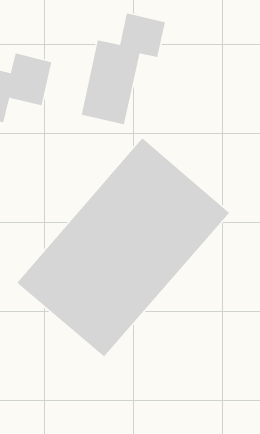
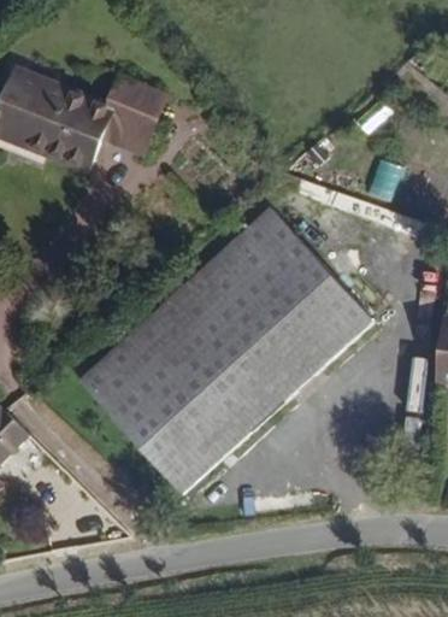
building: [81,12,166,125] -> none

